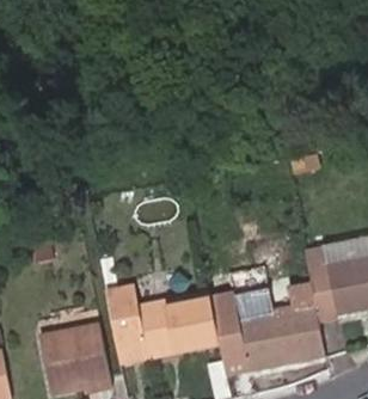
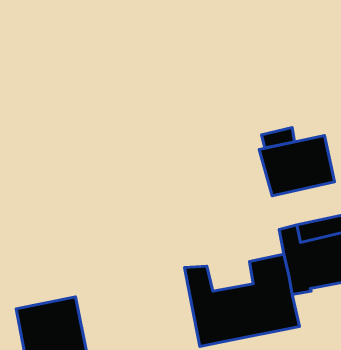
building: none -> [259,136,334,196]
building: [104,288,219,358] -> none

